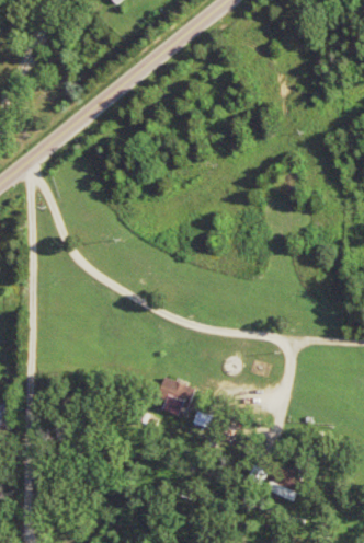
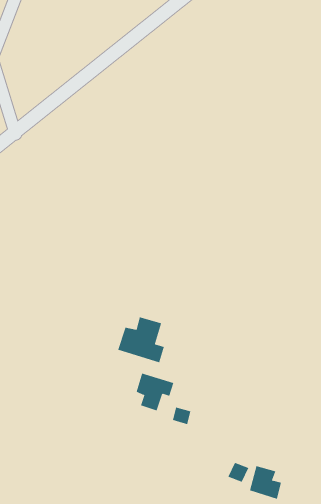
building: none -> [118,316,164,363]

